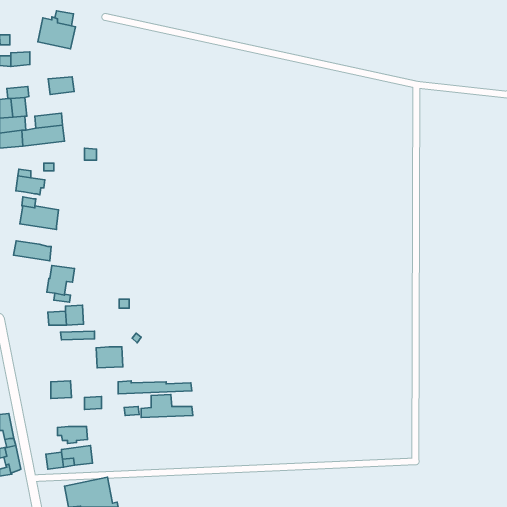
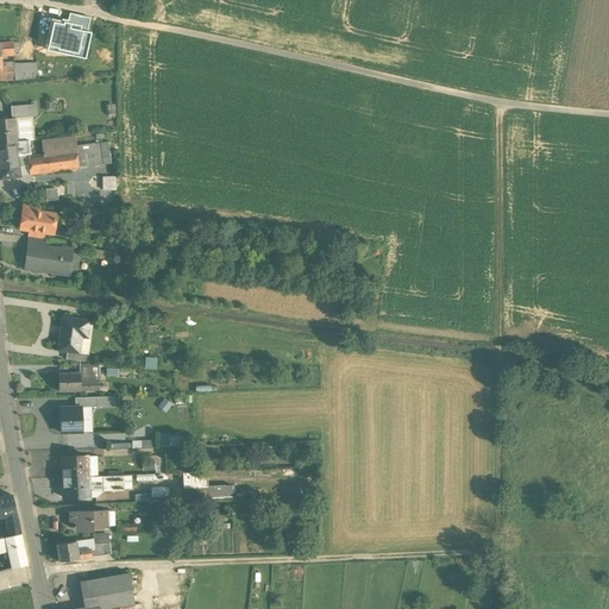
building: [48,77,74,95] -> [75,147,106,169]
building: [14,241,51,261] -> none
building: [96,347,123,368] -> [58,407,90,432]
building: none -> [61,476,87,497]

